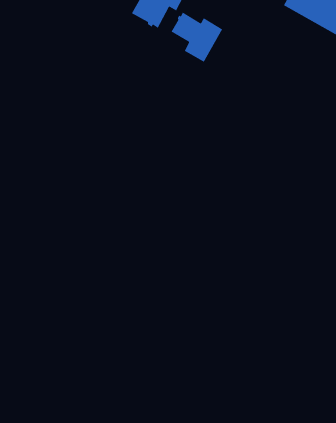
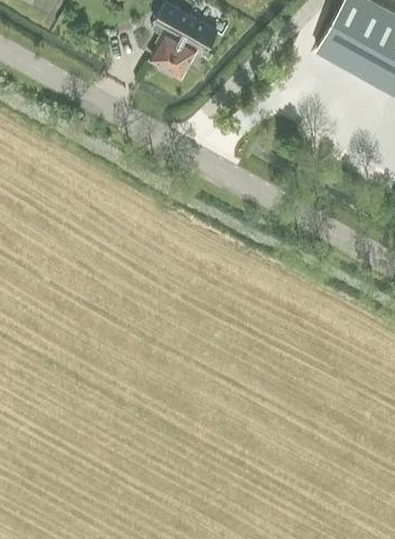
building: [171,11,223,63] -> none

